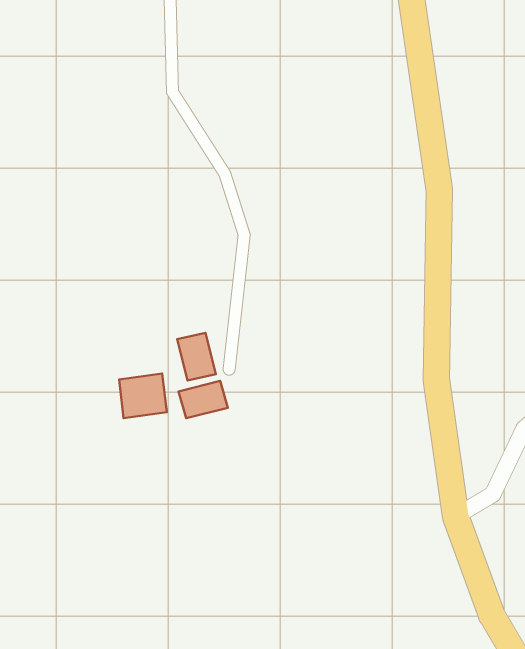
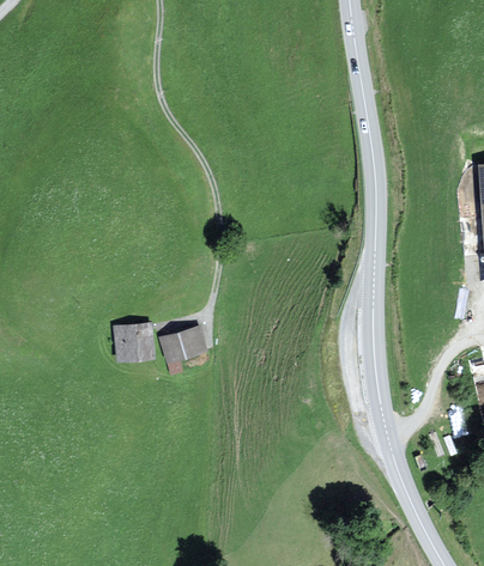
building: [177,333,216,381] -> none

